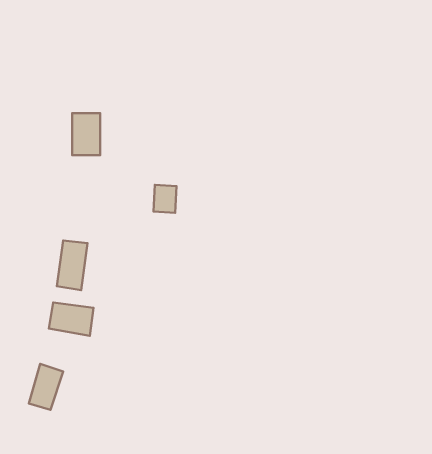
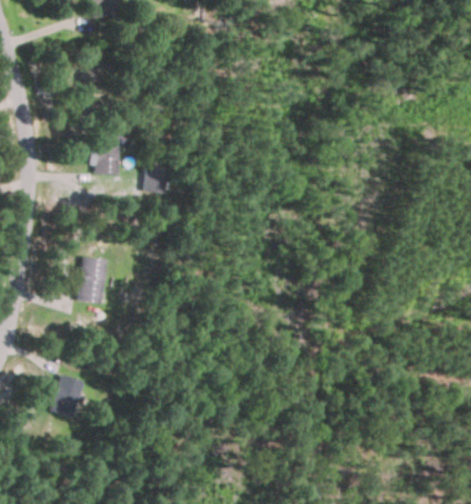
building: [154,185,177,213] -> [147,166,168,193]
building: [49,302,94,336] -> none

